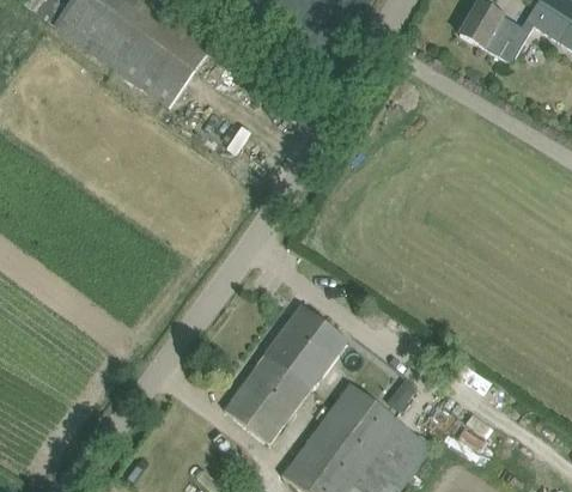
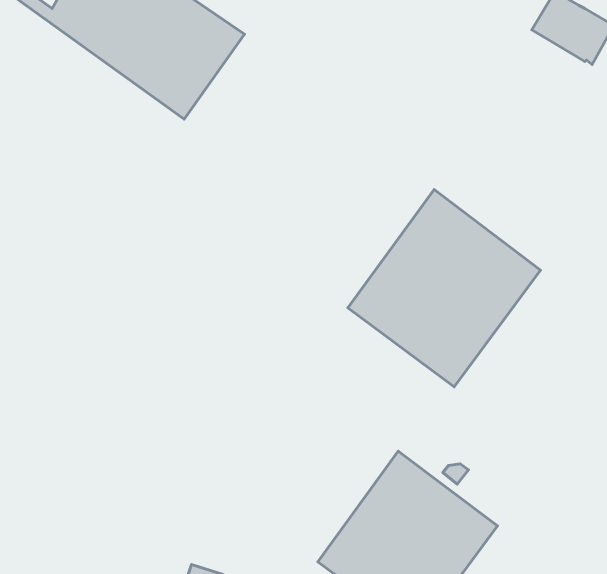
building: none -> [348,190,541,387]
building: [224,311,346,441] -> none

